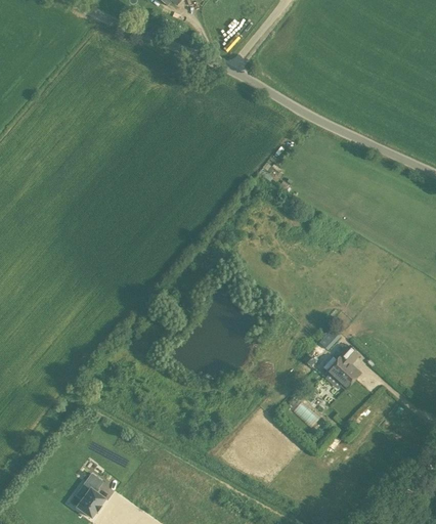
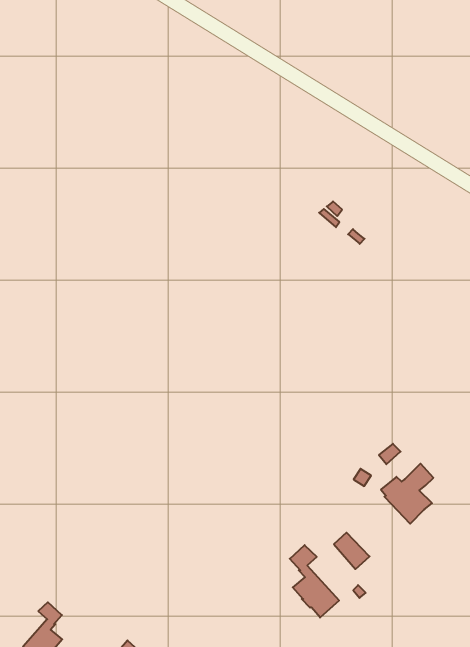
building: none -> [290,545,339,618]

